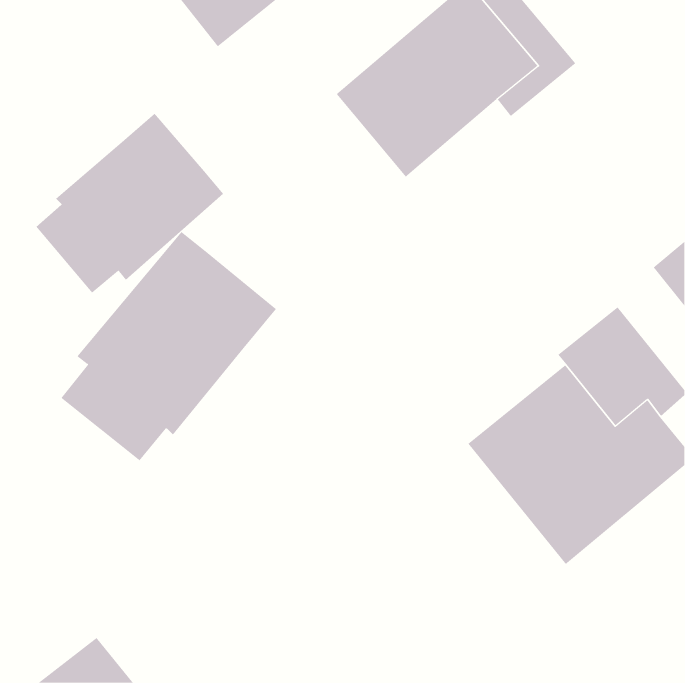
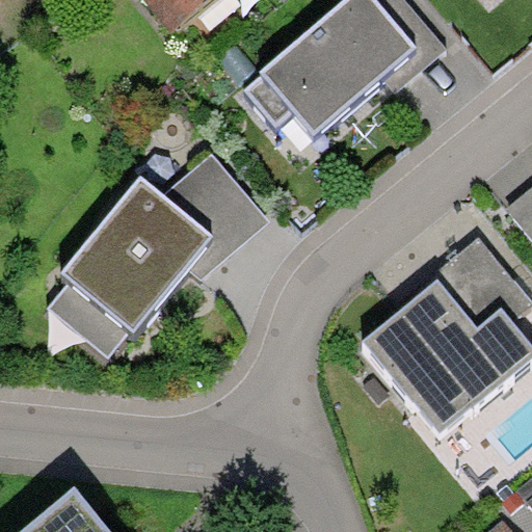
building: [36,113,224,294] -> none
building: none -> [161,153,269,280]

